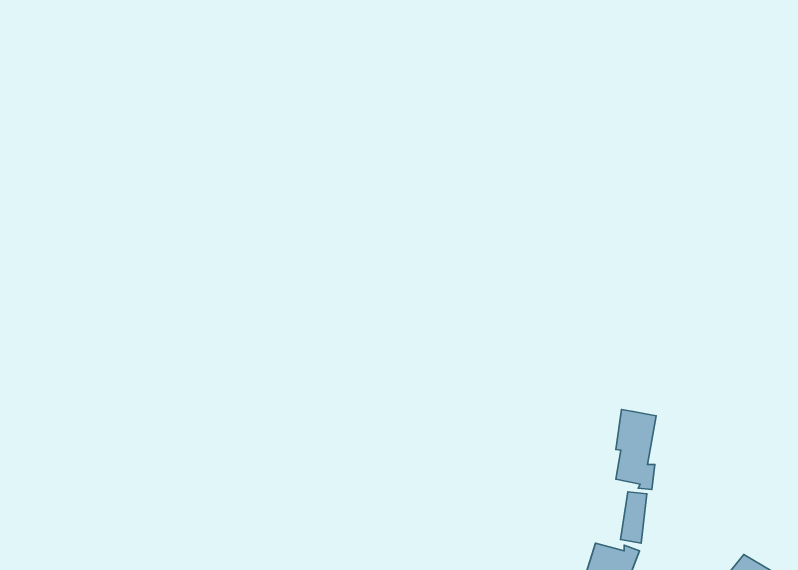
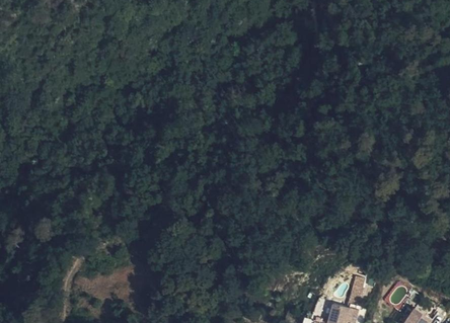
building: [616,409,656,490] -> none

